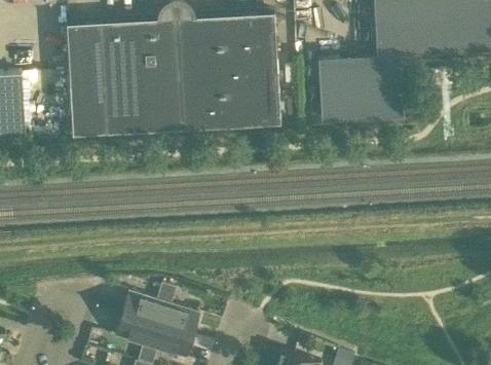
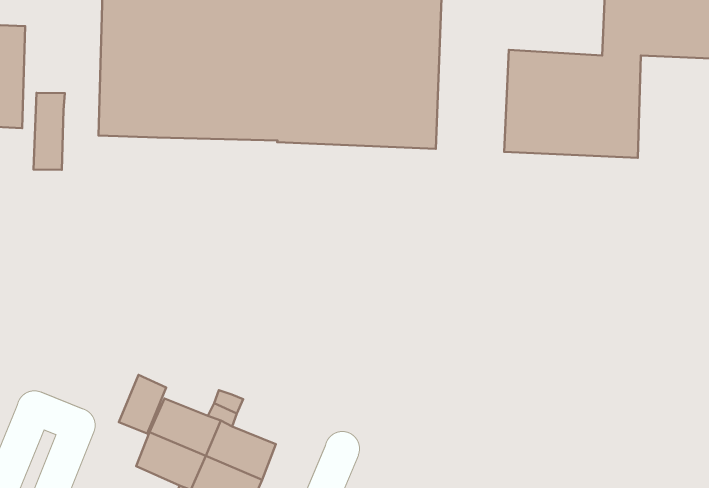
building: none -> [34,93,65,170]
building: none -> [119,375,166,434]

